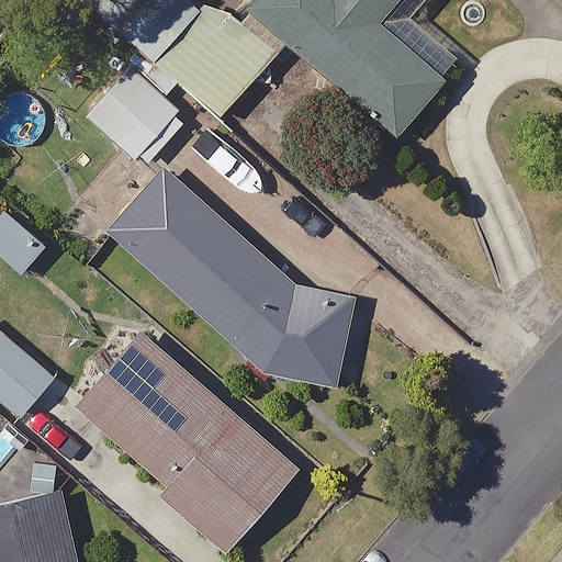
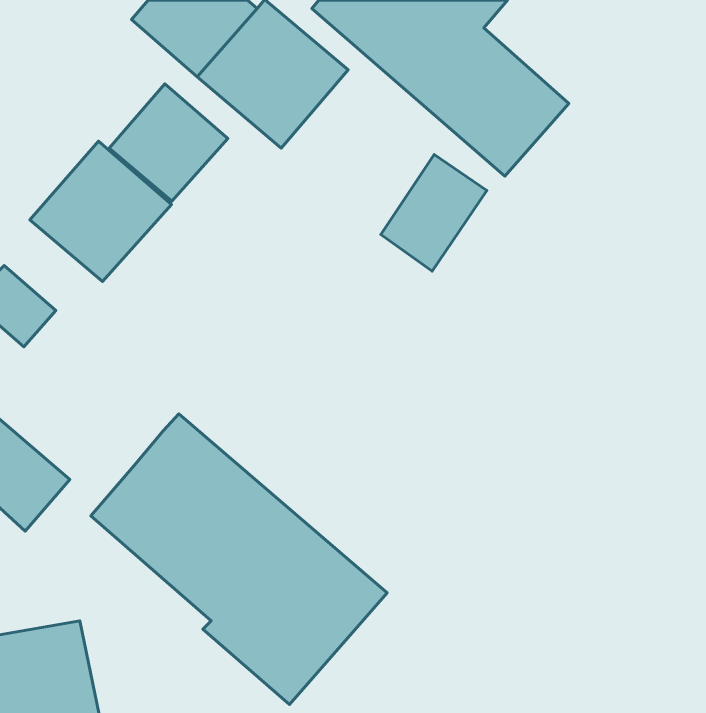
building: none -> [30,141,171,282]
building: none -> [381,155,487,271]
building: [105,166,355,387] -> none

